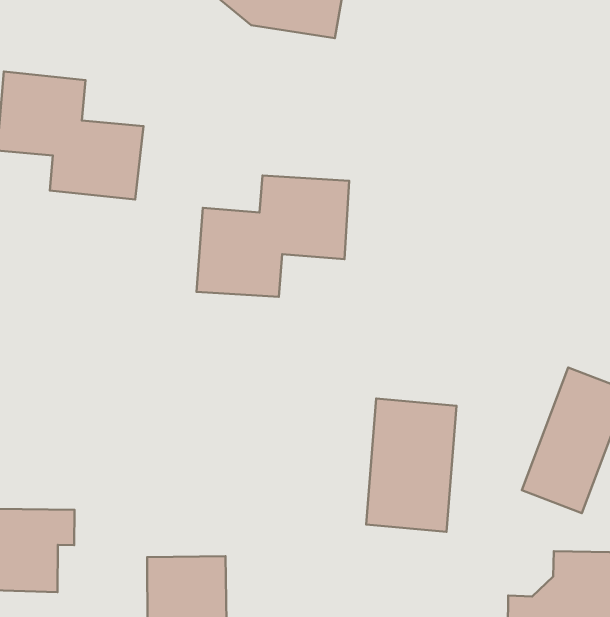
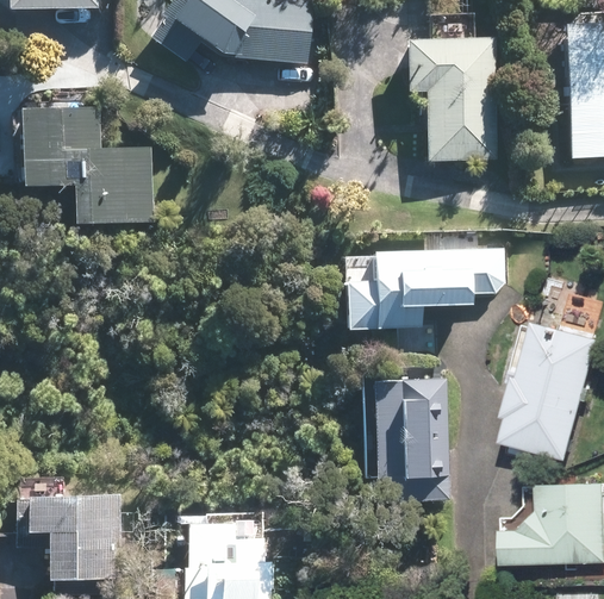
building: none -> [407,42,494,155]
building: [196,175,349,297] -> none
building: none -> [347,252,504,324]

